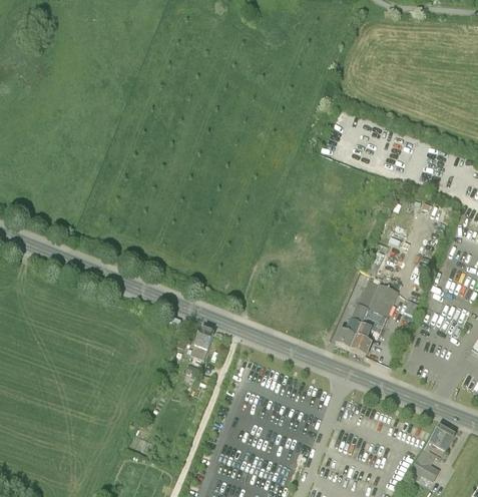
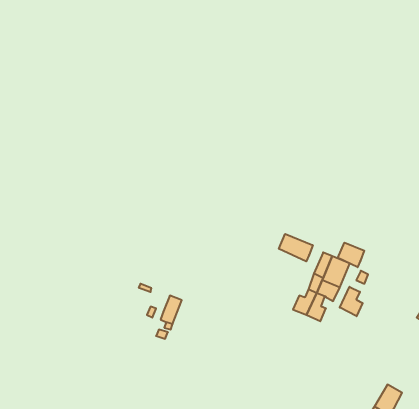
building: none -> [279,234,313,261]
building: none -> [338,243,364,267]
building: none -> [340,287,363,316]

